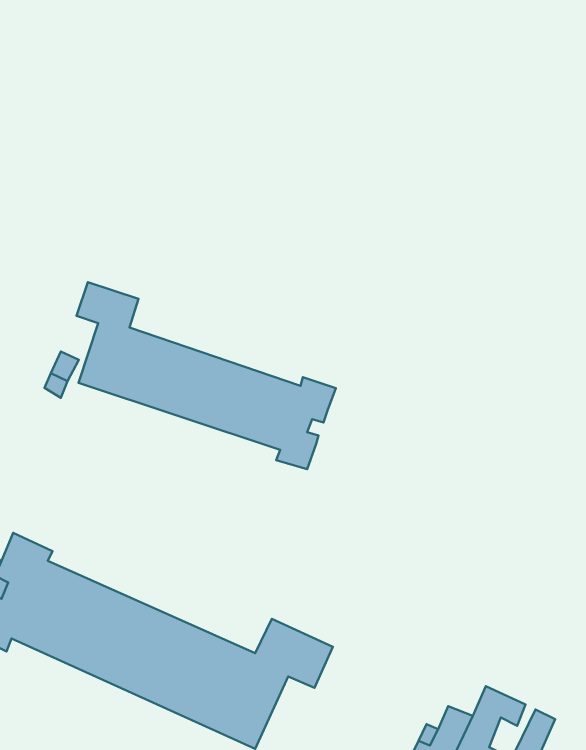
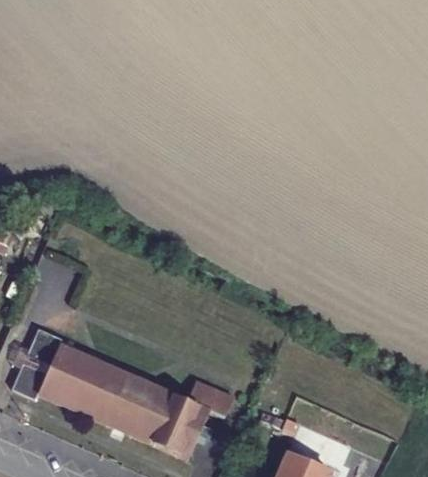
building: [76,282,336,469] -> none

